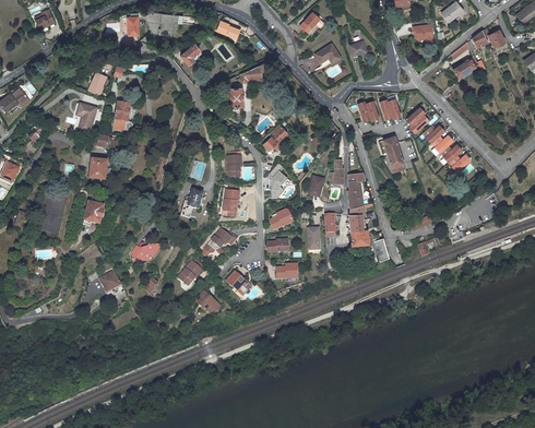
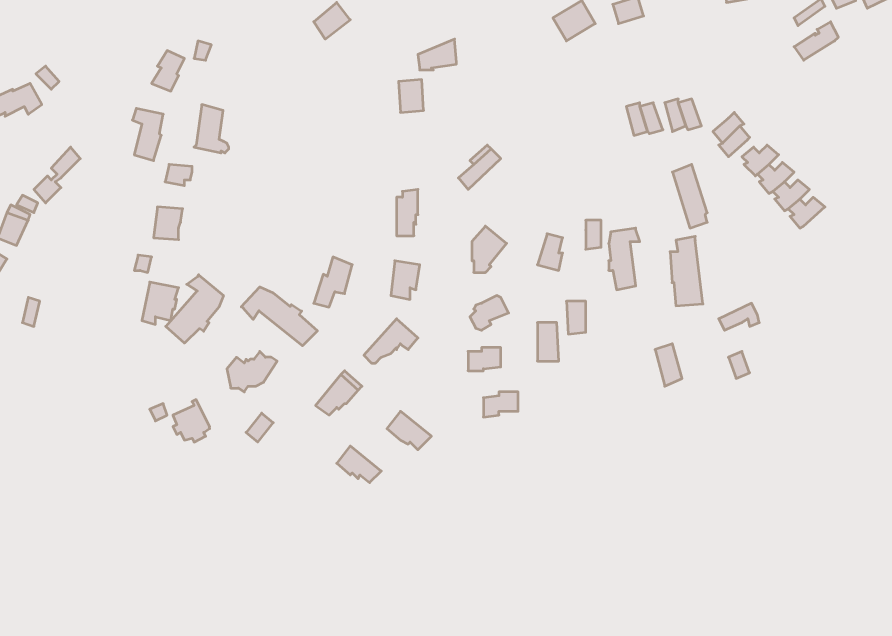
building: none -> [166,275,223,343]
building: [348,204,367,243] -> [670,236,703,306]
building: none -> [241,287,317,346]

